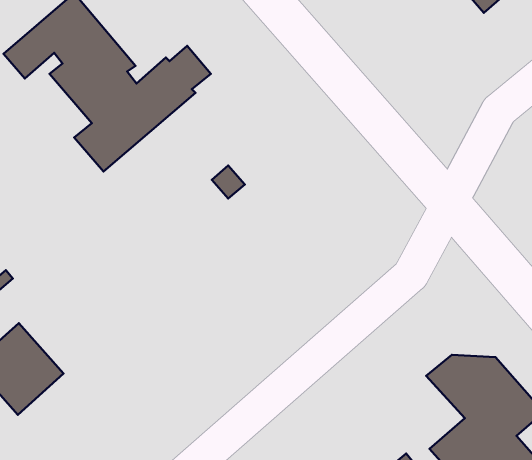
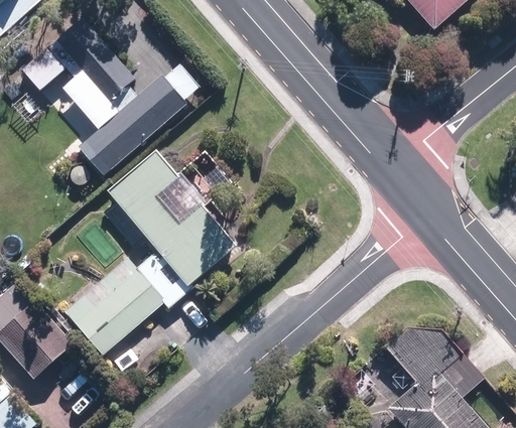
building: none -> [72,150,236,355]

